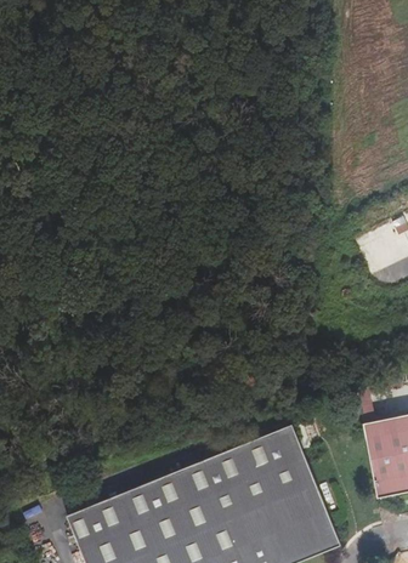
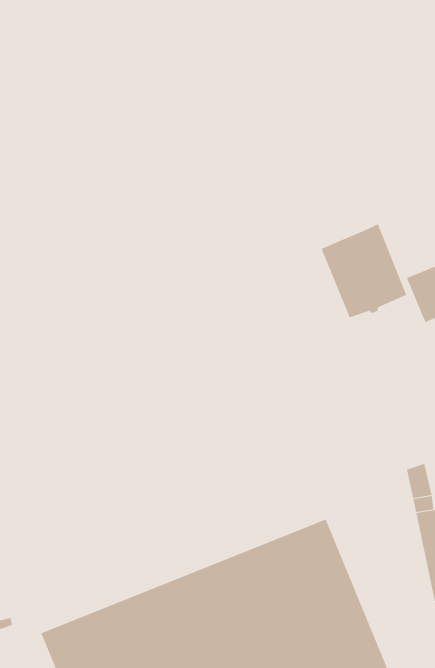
building: none -> [321,224,407,318]

